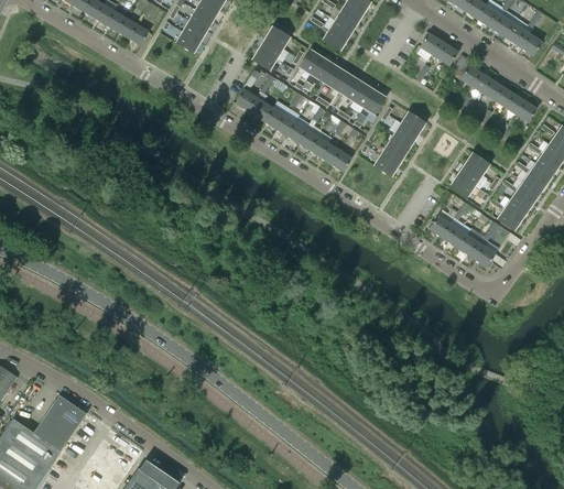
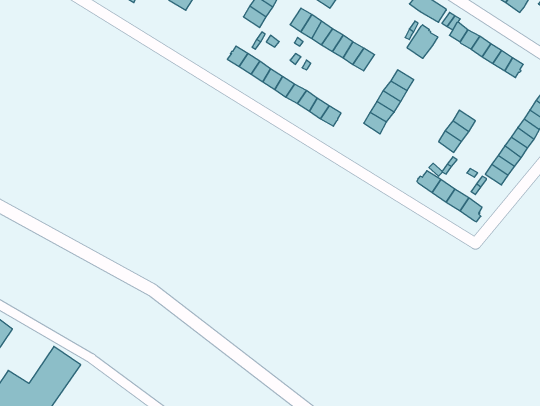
building: none -> [407,25,438,58]

